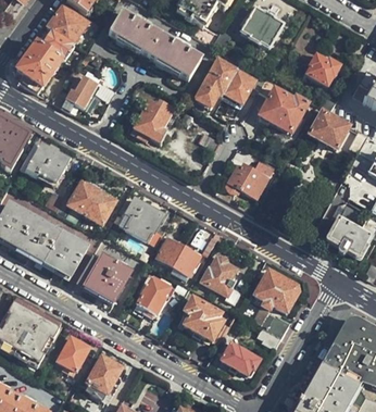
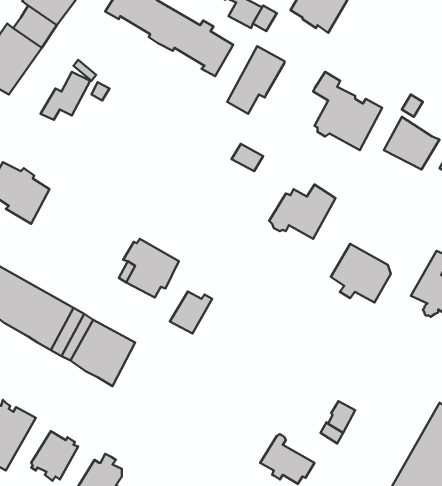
building: [308,54,341,85] -> none
building: [225,70,267,102] -> none
building: [135,99,180,142] -> none
building: [67,180,115,224] -> none
building: [172,240,201,275] -> none
building: [203,257,240,302] -> none
building: [255,269,299,311] -> [331,244,391,303]
building: [133,274,174,317] -> none
building: [176,296,224,340] -> none

